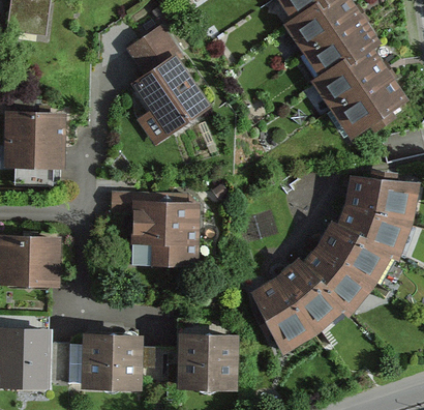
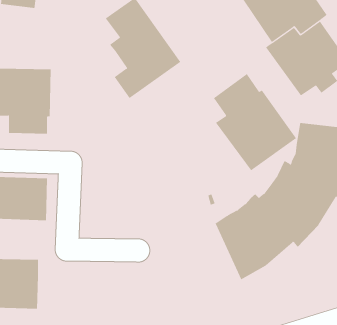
building: none -> [213,73,297,171]
building: [112,192,199,267] -> none
building: [82,327,157,388] -> none
building: [177,328,239,388] -> none

